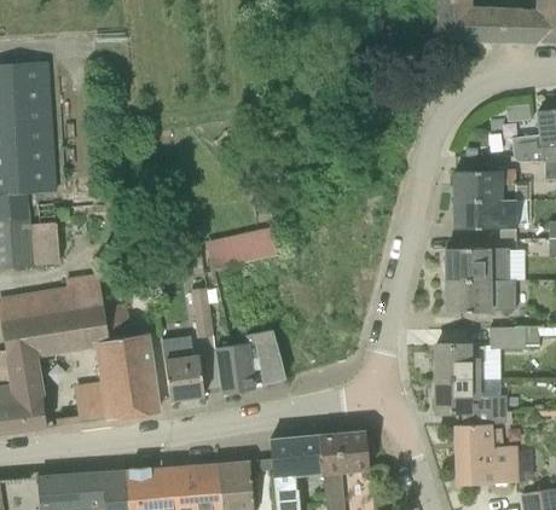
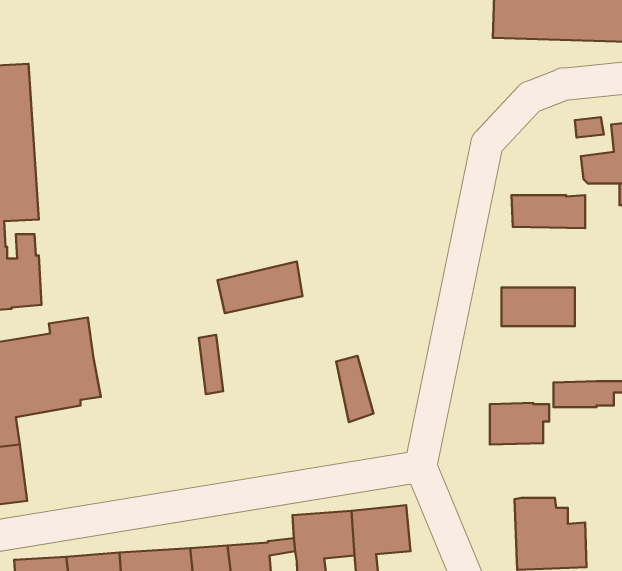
building: [454,197,515,228] -> none
building: [445,280,514,312] -> none
building: [71,303,157,423] -> none
building: [254,329,285,384] -> [336,356,374,422]
building: [161,336,207,400] -> none
building: [215,343,254,393] -> none
building: [435,378,506,424] -> none

